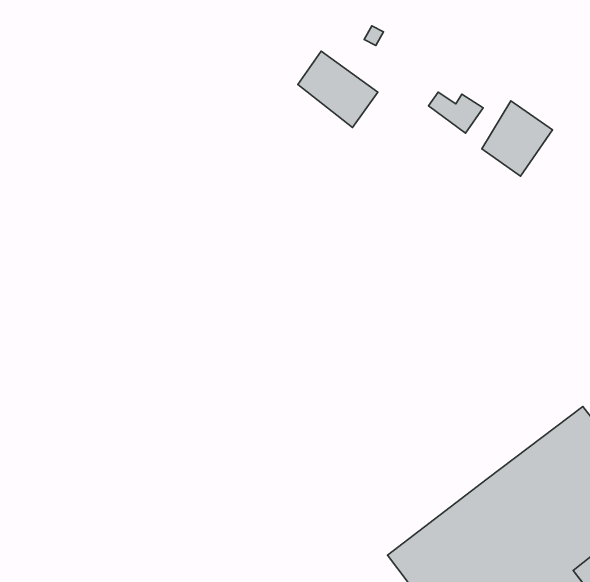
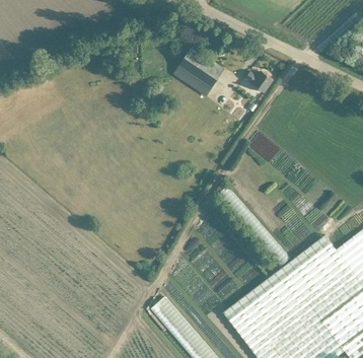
building: [482,101,553,176] -> none

